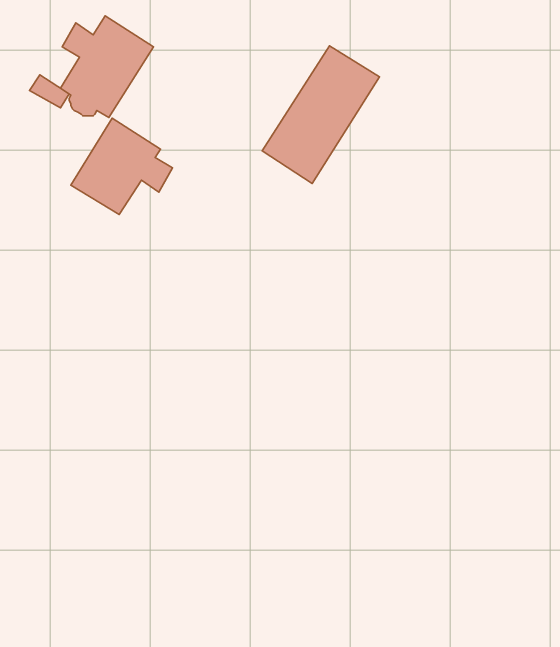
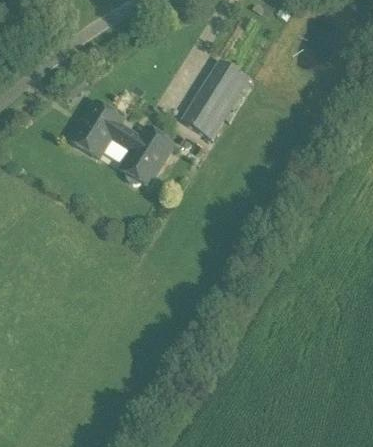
building: [60,16,154,117] -> [121,125,175,184]

